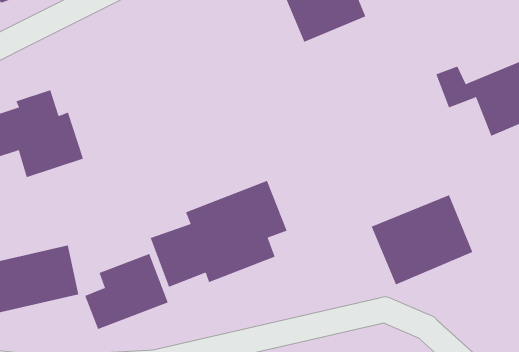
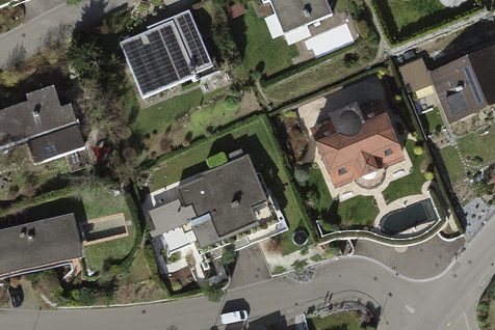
building: none -> [121,18,212,100]
building: [371,195,473,285] -> [311,102,401,182]
building: [84,253,168,330] -> none

